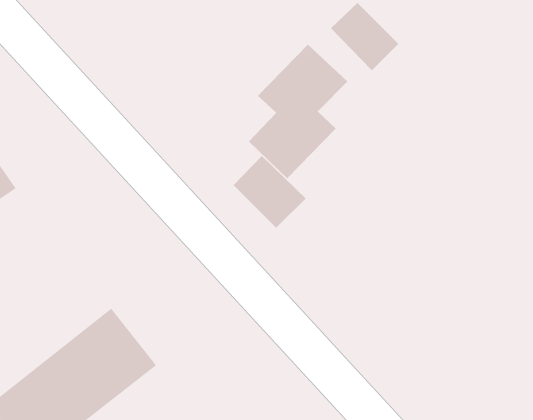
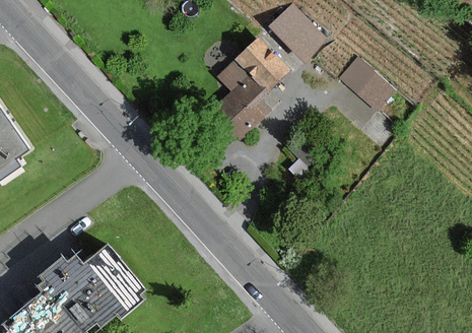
building: none -> [343,59,394,108]
building: [233,155,306,229] -> none

